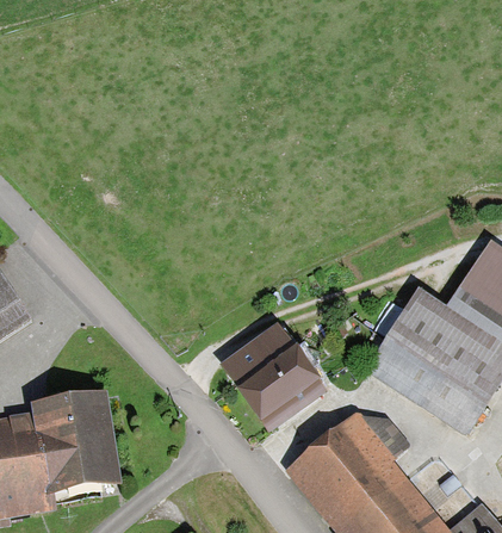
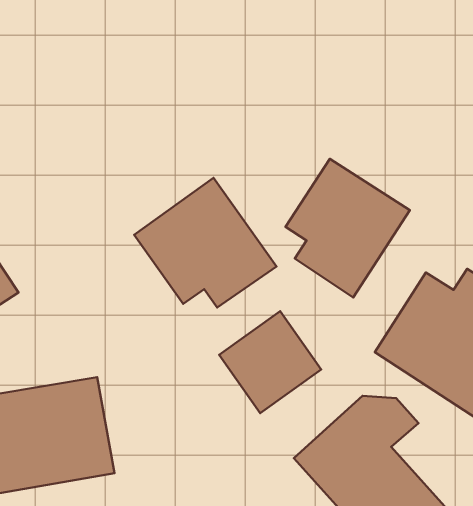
building: none -> [286,159,410,298]
building: none -> [134,178,277,308]

